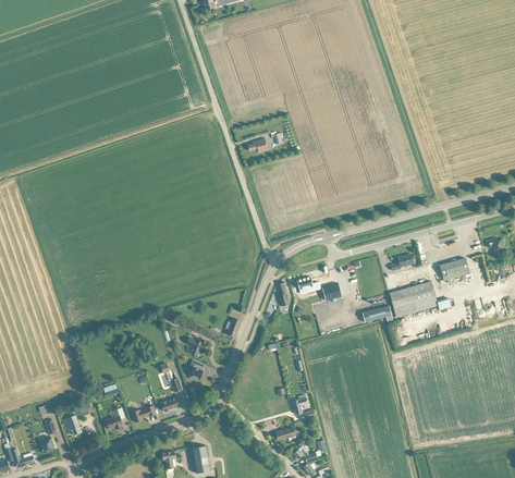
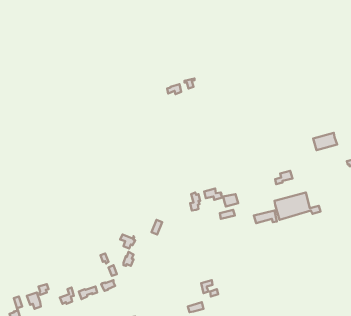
building: [438,257,469,280] -> [313,133,337,150]

